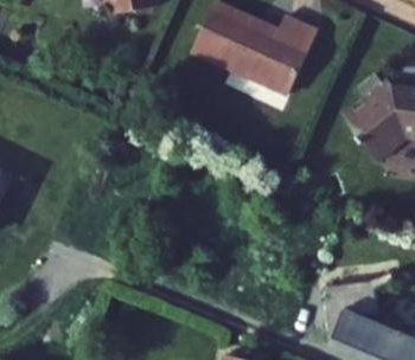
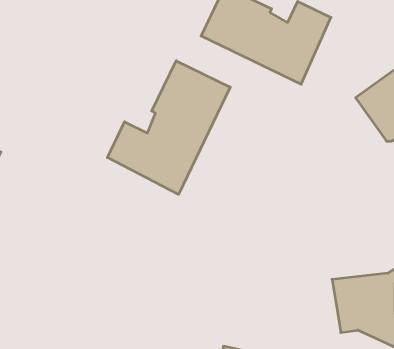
building: none -> [107,61,230,194]

